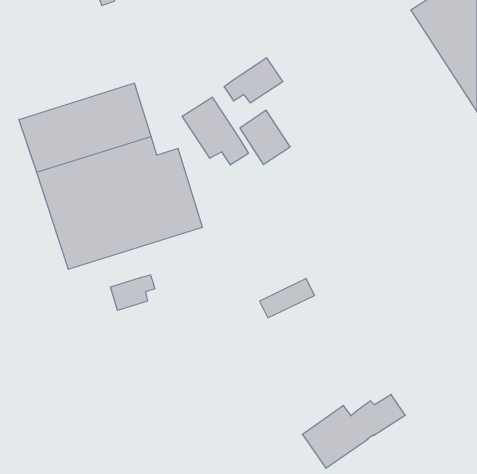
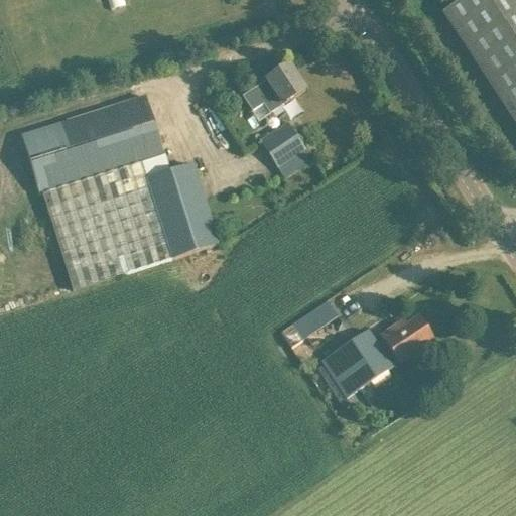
building: [182,97,248,165] -> none
building: [110,275,155,310] -> none
building: [302,394,405,468] -> [322,316,433,396]

